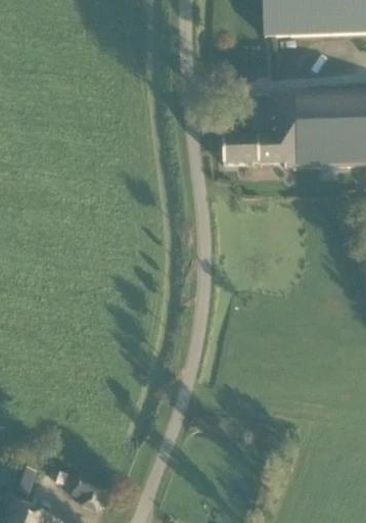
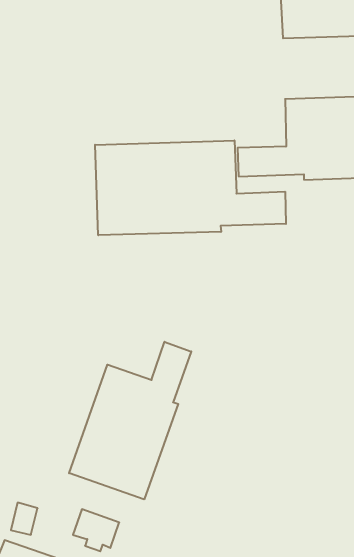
building: none -> [95,140,286,235]
building: none -> [69,342,191,499]

